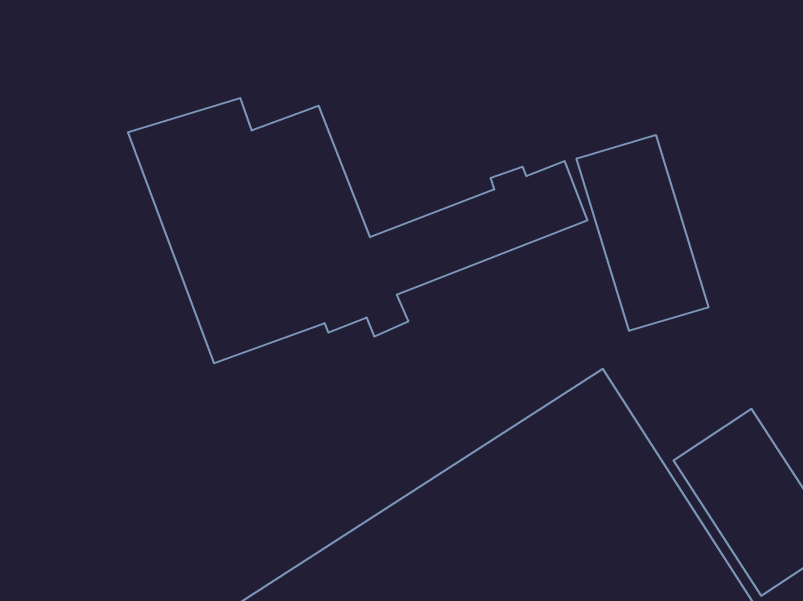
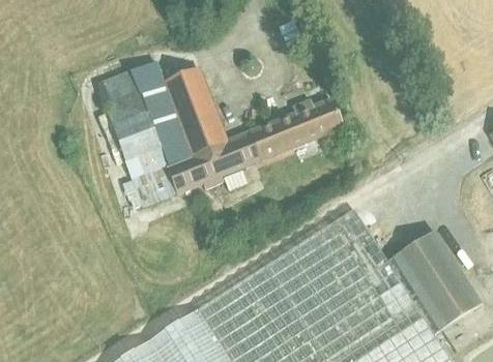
building: [577,135,708,331] -> none

